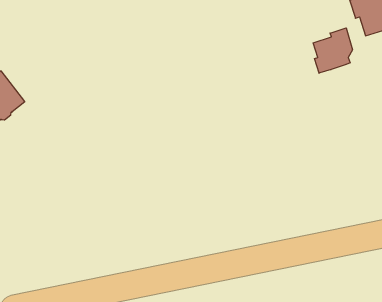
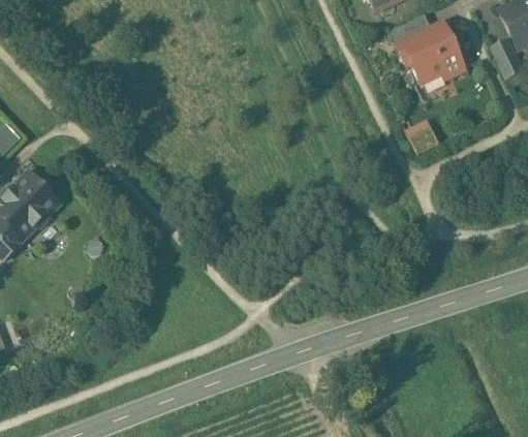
building: [313,28,353,73] -> none

